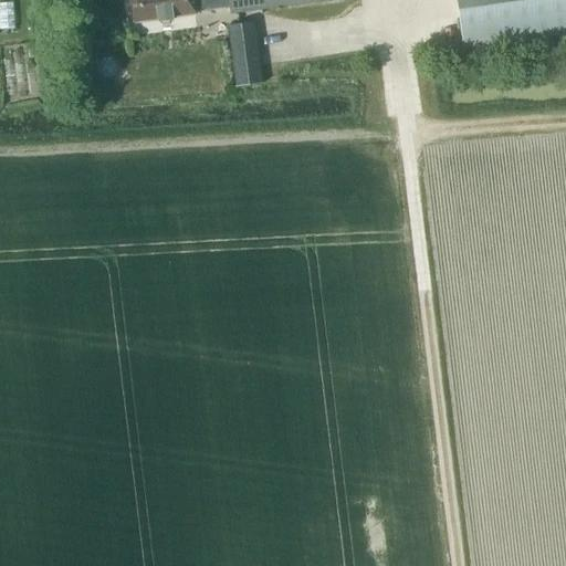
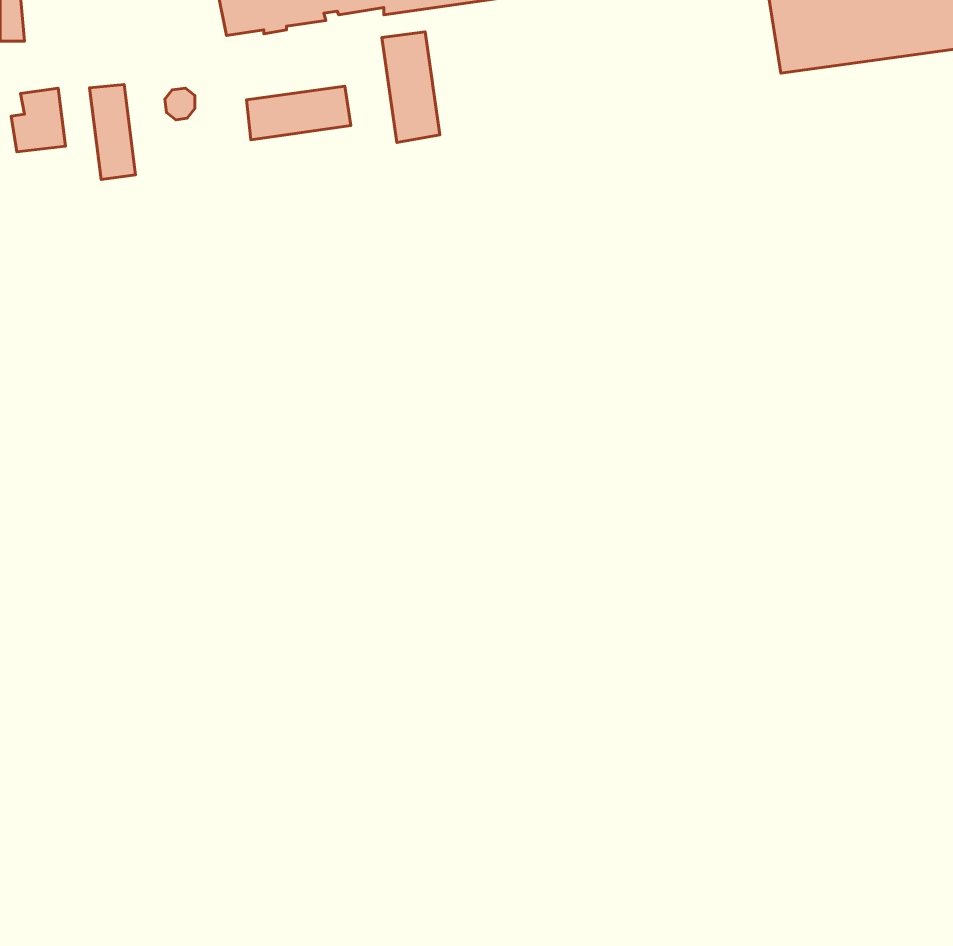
building: none -> [89,85,136,180]
building: none -> [247,86,351,140]

